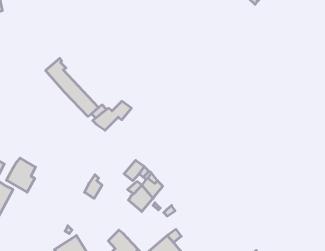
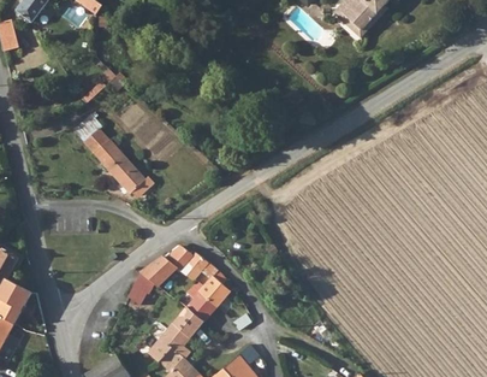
building: [93,101,131,130] -> [141,245,194,284]
building: [6,158,36,192] -> none
building: none -> [148,306,204,361]

